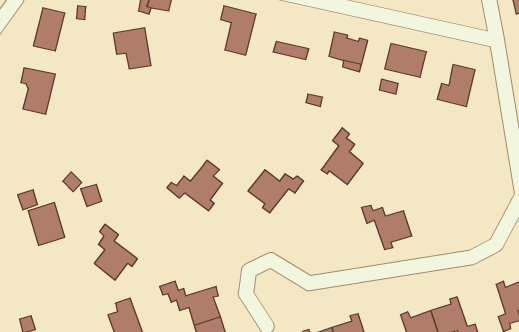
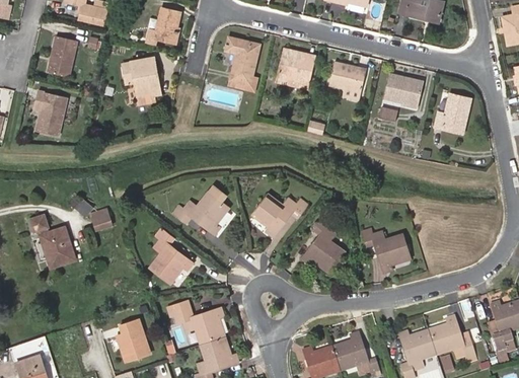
building: none -> [279,48,315,78]
building: [321,128,363,185] -> [302,218,343,273]
building: [94,224,137,280] -> [150,229,192,283]

